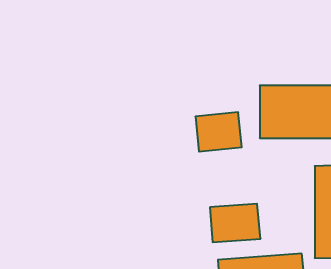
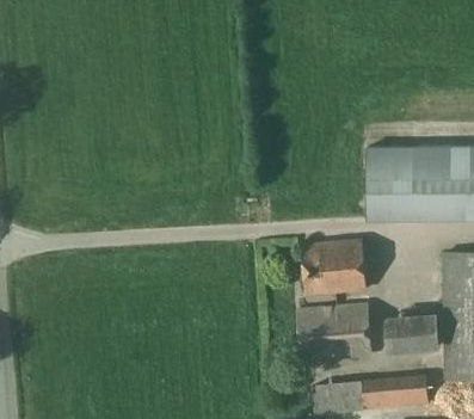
building: [195,112,242,152] -> [303,242,367,296]
building: none -> [384,318,437,355]

